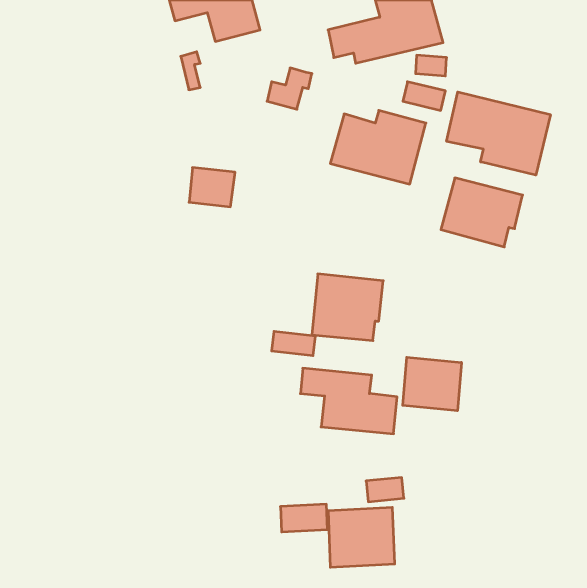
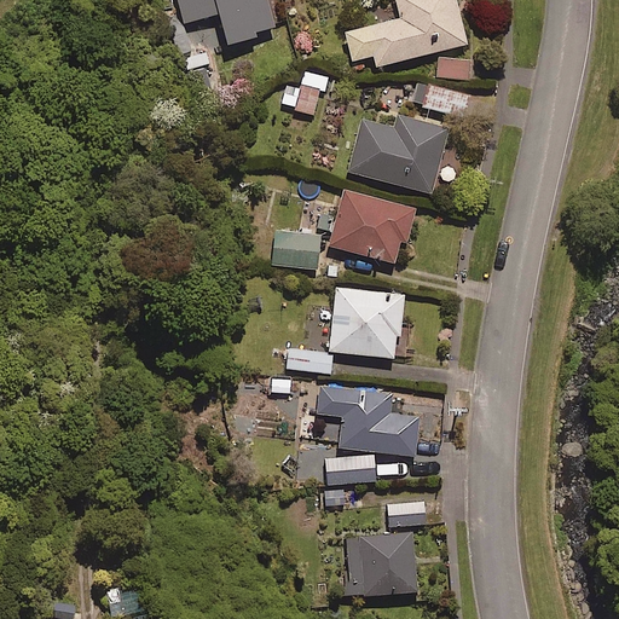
building: [447,92,550,175] -> none
building: [189,168,235,207] -> [272,228,320,270]
building: [441,178,523,247] -> [329,191,415,264]
building: [403,357,461,411] -> none
building: [280,504,328,532] -> [325,456,375,485]

